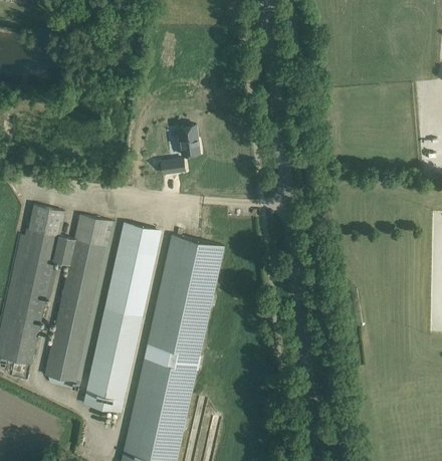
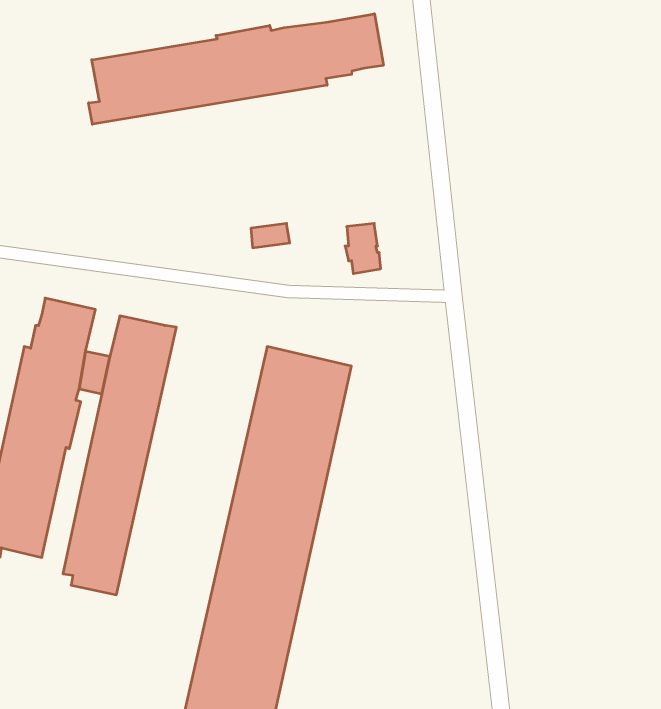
building: none -> [89,14,383,124]
building: [178,125,200,156] -> [345,223,381,274]
building: [84,222,162,412] -> none

